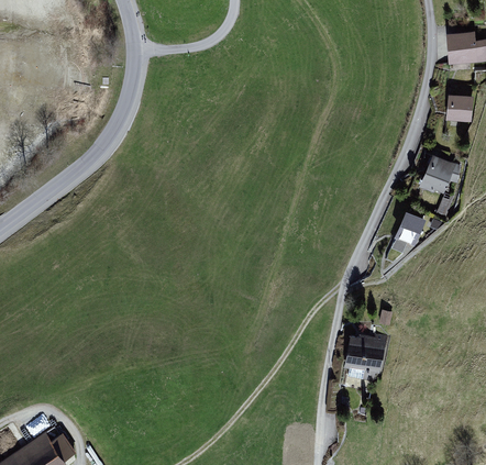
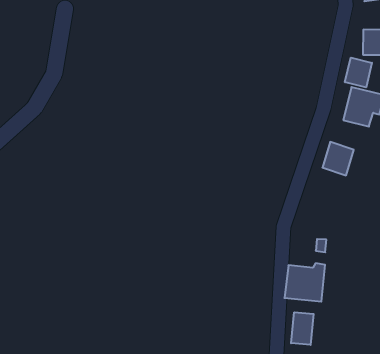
building: none -> [345,58,372,87]
building: none -> [291,312,314,345]

